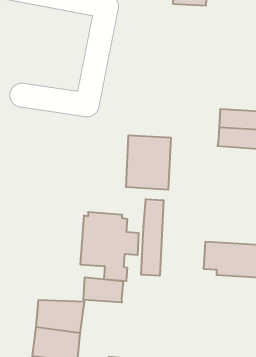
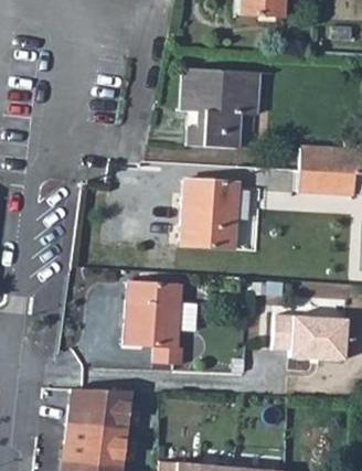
building: none -> [182,68,259,149]
building: [141,199,163,276] -> none
building: [83,277,123,303] -> none

